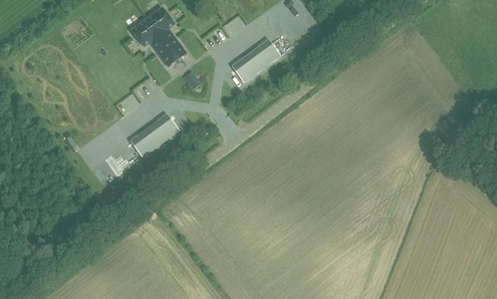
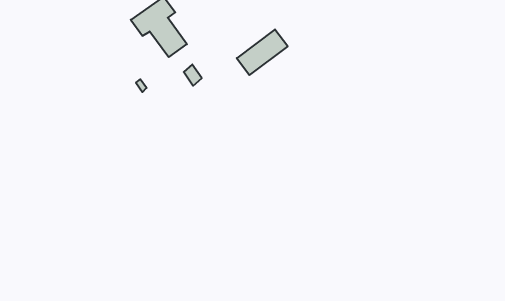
building: [131,114,179,158] -> none

